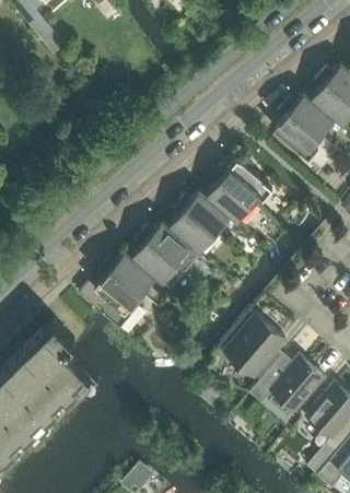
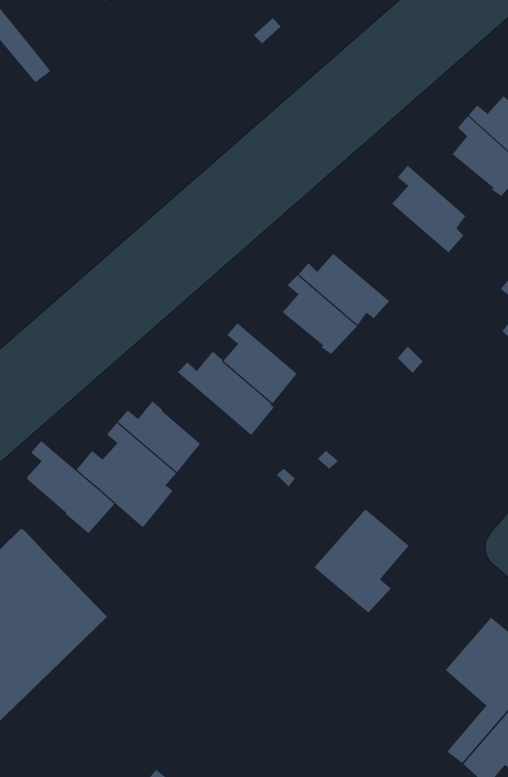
building: [284,91,337,134] -> none
building: [179,187,232,232] -> none
building: [133,231,188,289] -> [27,440,115,534]
building: [250,354,326,423] -> none

